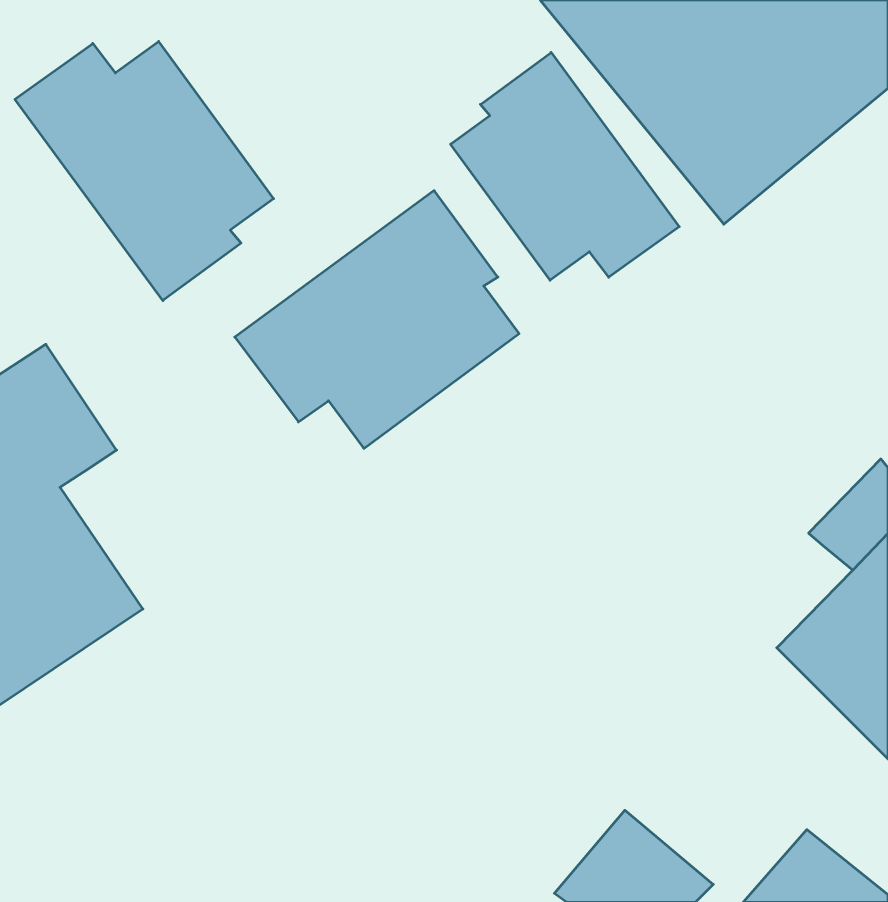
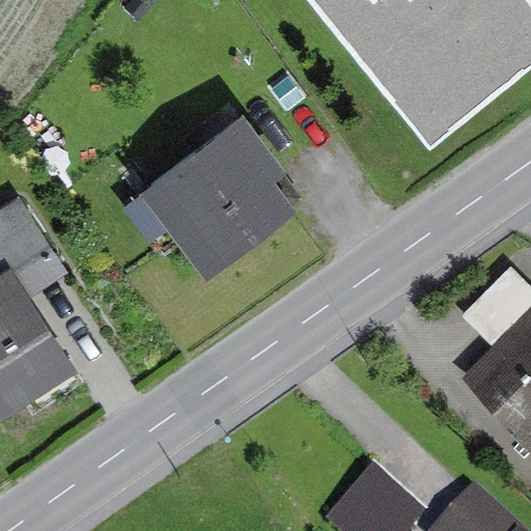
building: [15,41,274,301] -> none
building: [451,52,679,280] -> none

